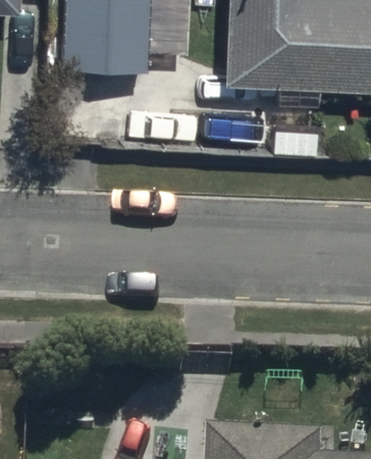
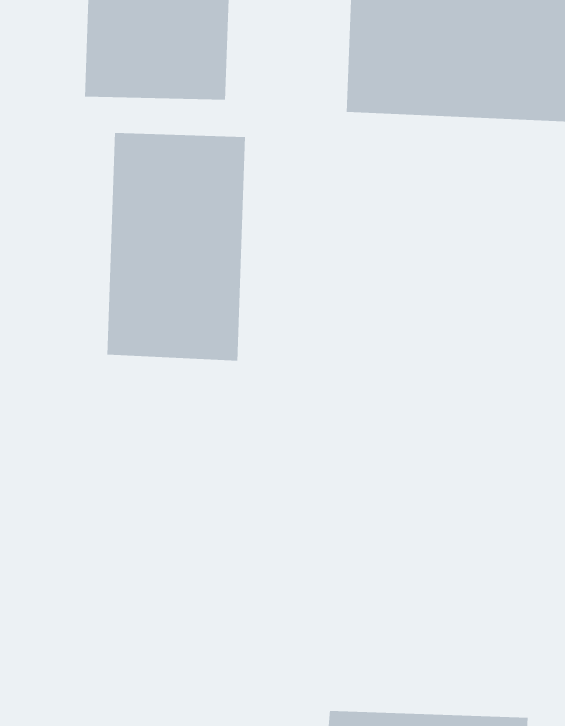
building: none -> [107,132,246,361]

